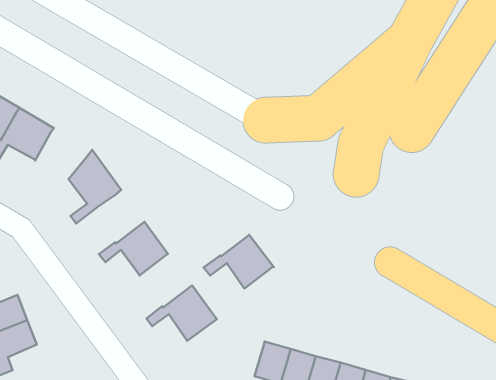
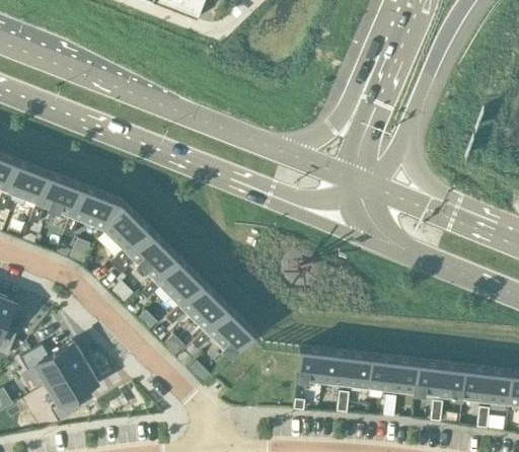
building: none -> [63,185,121,236]
building: none -> [117,231,177,280]
building: [203,235,274,289] -> [166,282,229,330]

